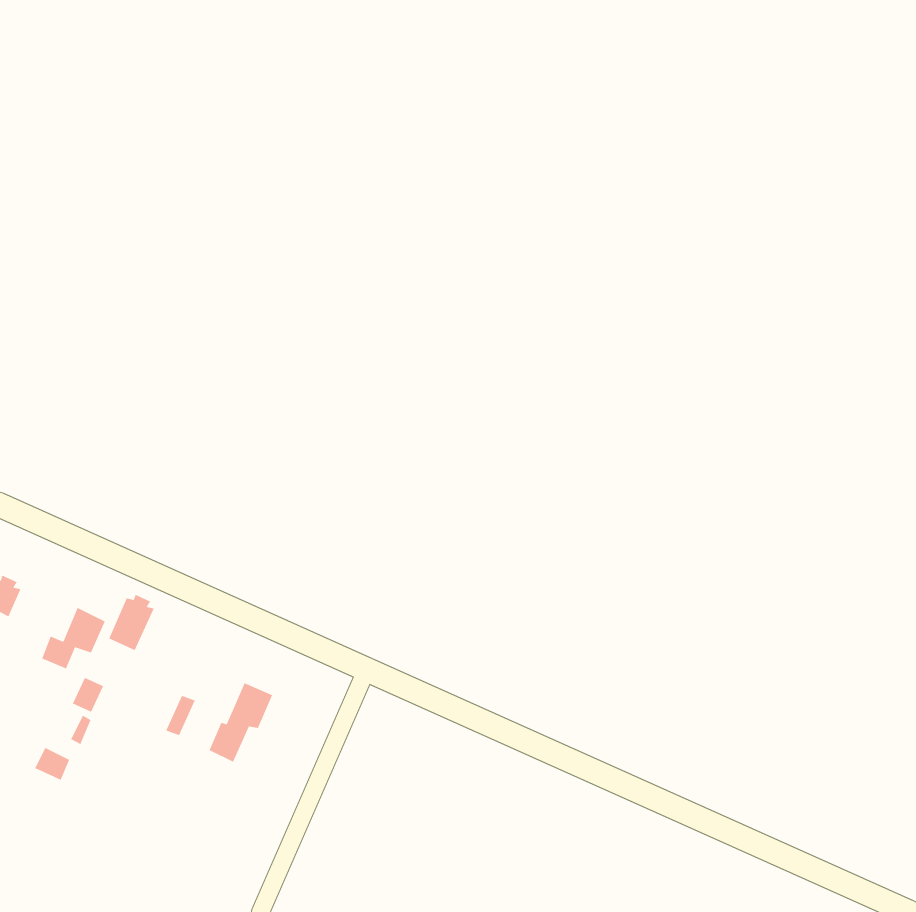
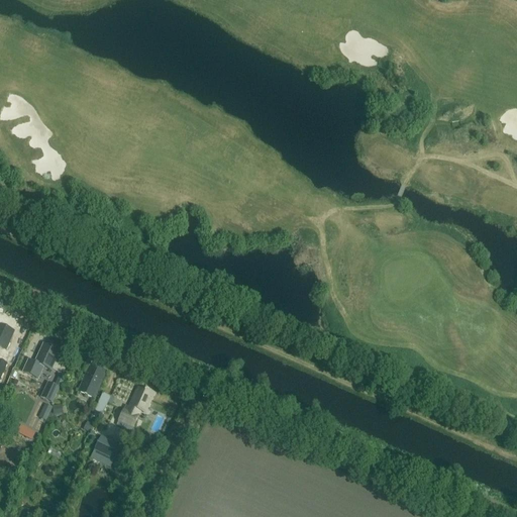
building: [108,594,155,651] -> [78,365,104,397]
building: none -> [93,433,120,459]

